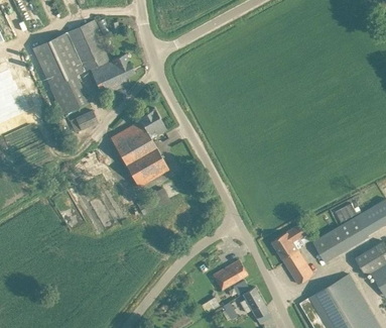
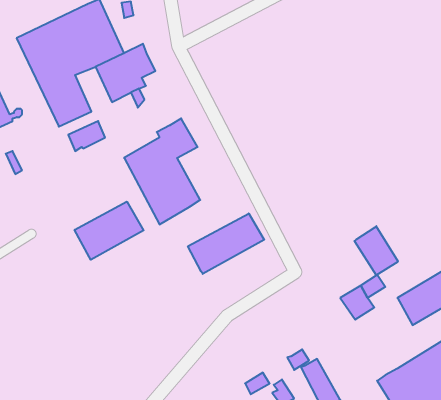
building: none -> [75,202,144,260]
building: none -> [188,213,264,274]
building: [282,248,314,285] -> [354,226,398,275]
building: [213,260,248,290] -> none

